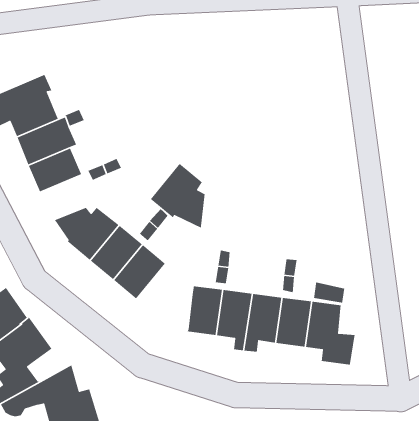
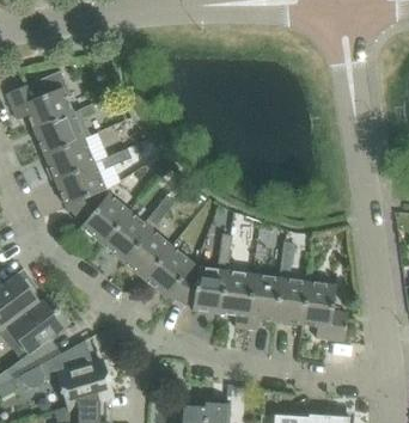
building: [150,163,205,229] -> [145,246,196,307]
building: none -> [55,164,105,207]

